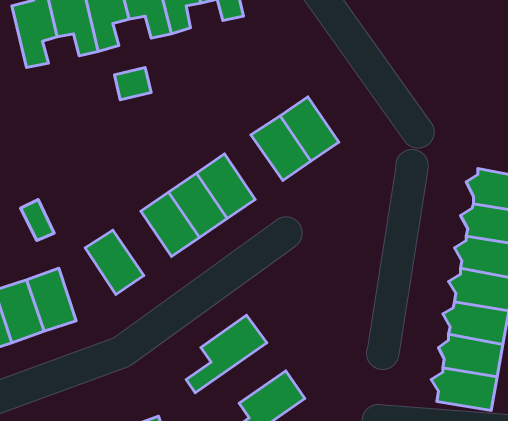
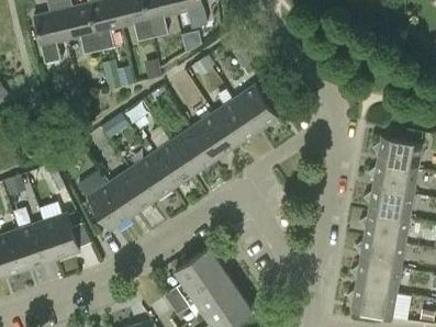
building: none -> [192,112,236,160]
building: none -> [109,169,153,217]
building: none -> [170,268,238,315]

